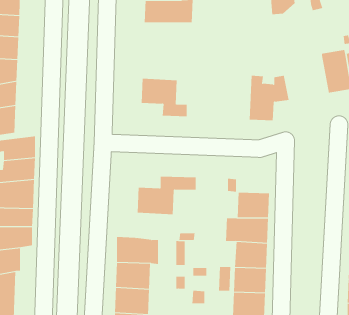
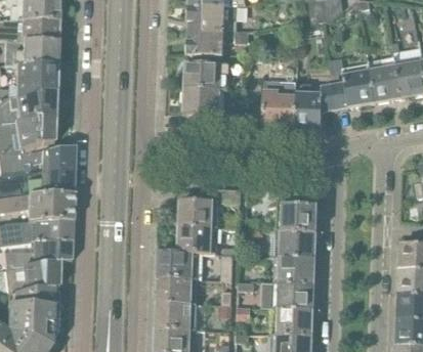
building: none -> [185,29,248,54]
building: none -> [184,60,222,88]
building: none -> [332,62,377,108]
building: none -> [263,80,297,129]
building: none -> [178,225,217,254]

